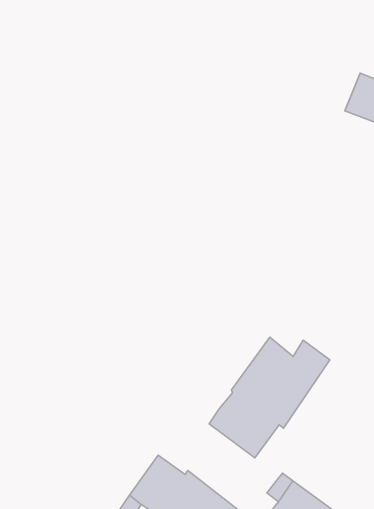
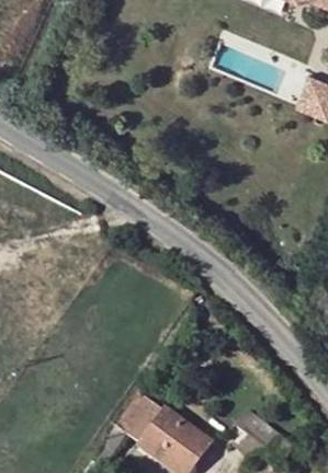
building: [209,337,330,458] -> none

